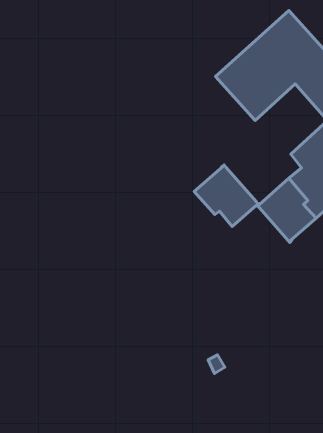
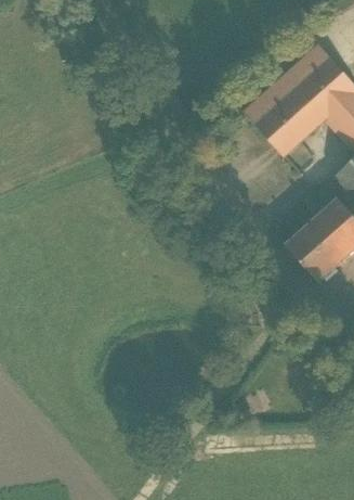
building: [194,165,259,226] -> none

